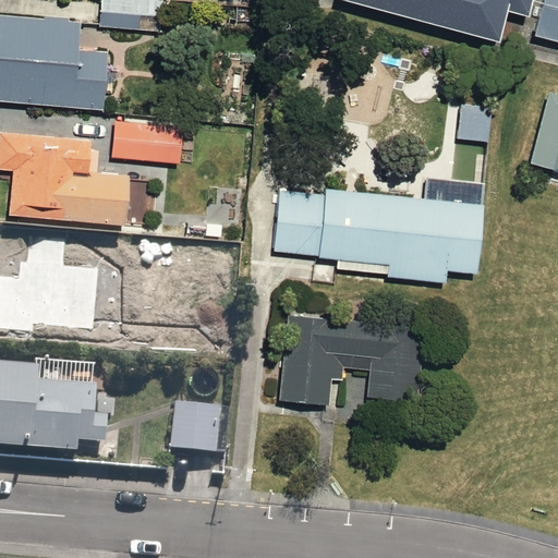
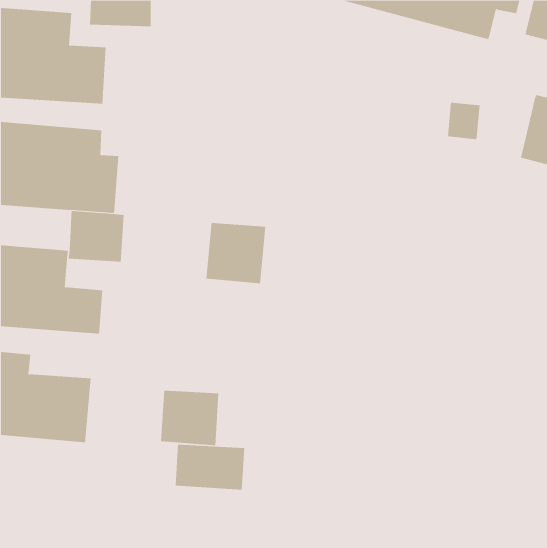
building: [105,116,184,163] -> none
building: [272,181,484,284] -> none
building: none -> [206,222,266,284]
building: [274,311,414,405] -> none
building: none -> [175,444,245,490]

